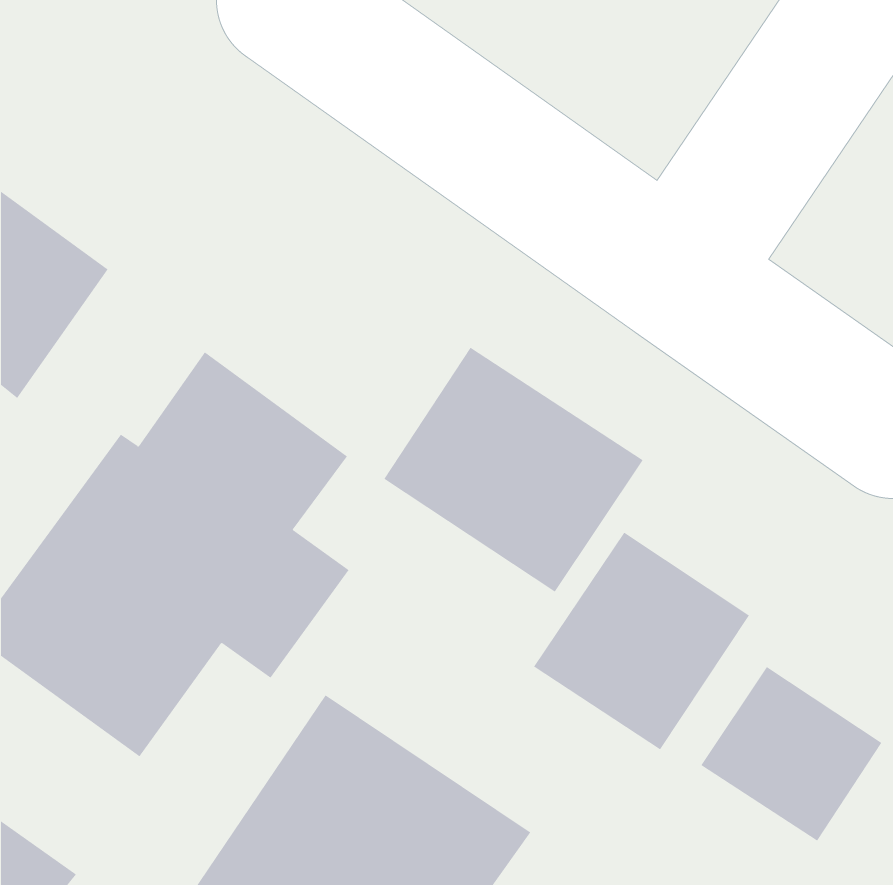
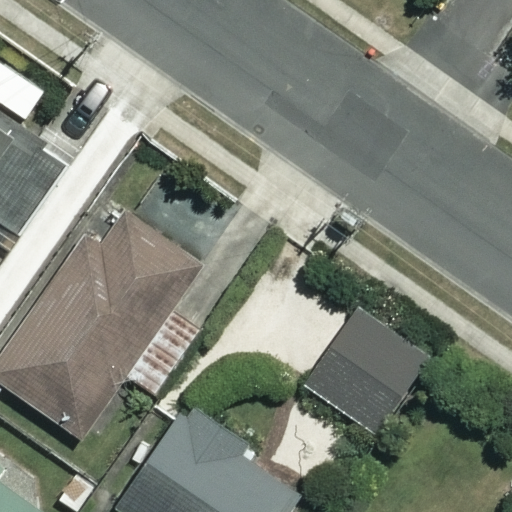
building: [384,347,644,593] -> none
building: [701,666,882,841] -> none

